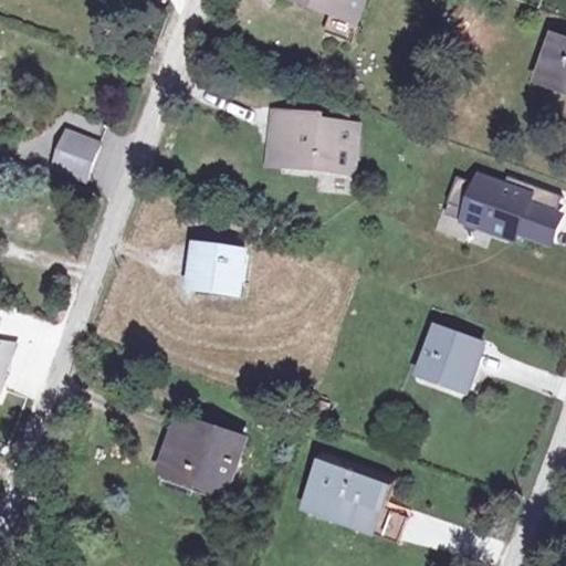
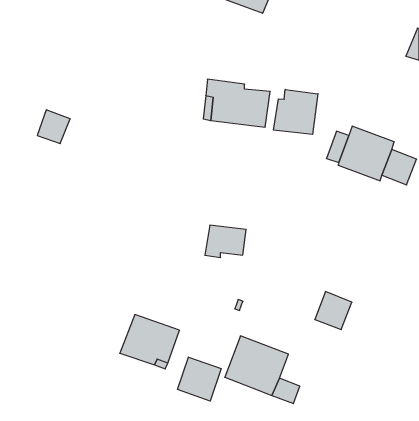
building: none -> [274,89,318,134]
building: [189,249,244,292] -> [205,225,246,257]
building: [422,331,472,381] -> [315,292,352,330]
building: none -> [177,357,221,401]

